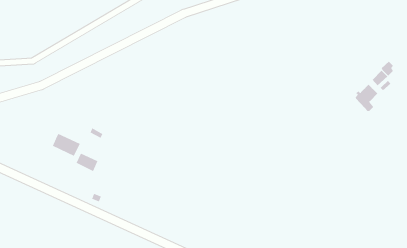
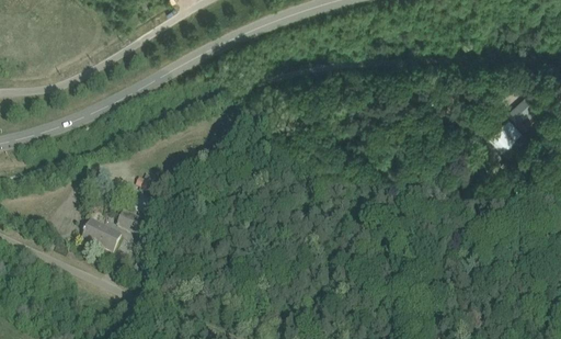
building: [52,133,81,157] -> [83,217,122,249]

